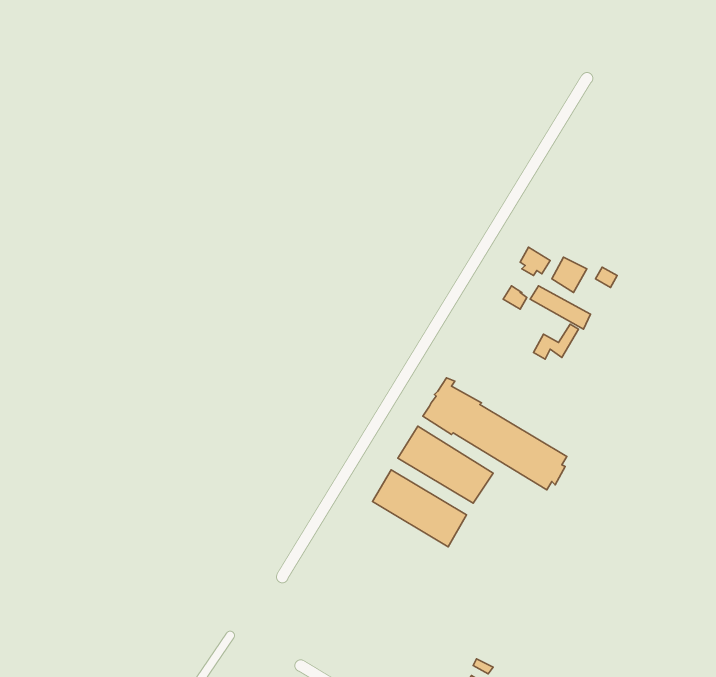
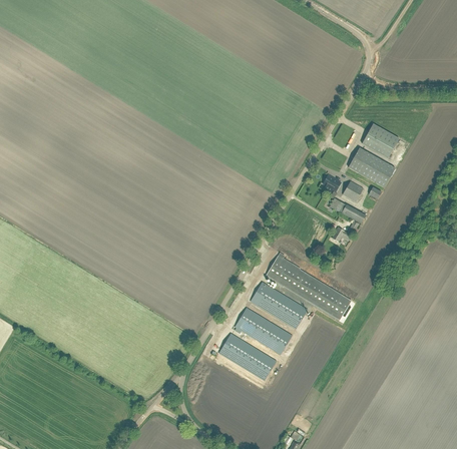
building: none -> [362,123,399,158]
building: none -> [348,147,395,187]
building: none -> [219,333,277,380]

